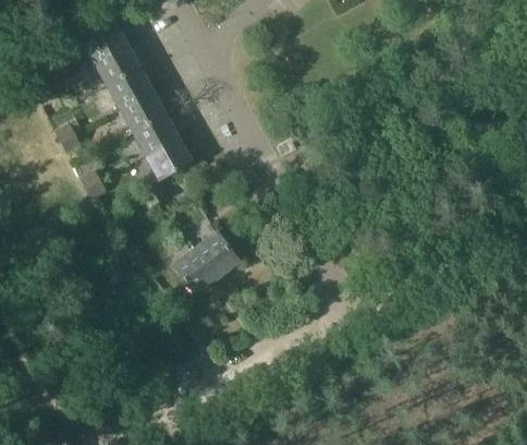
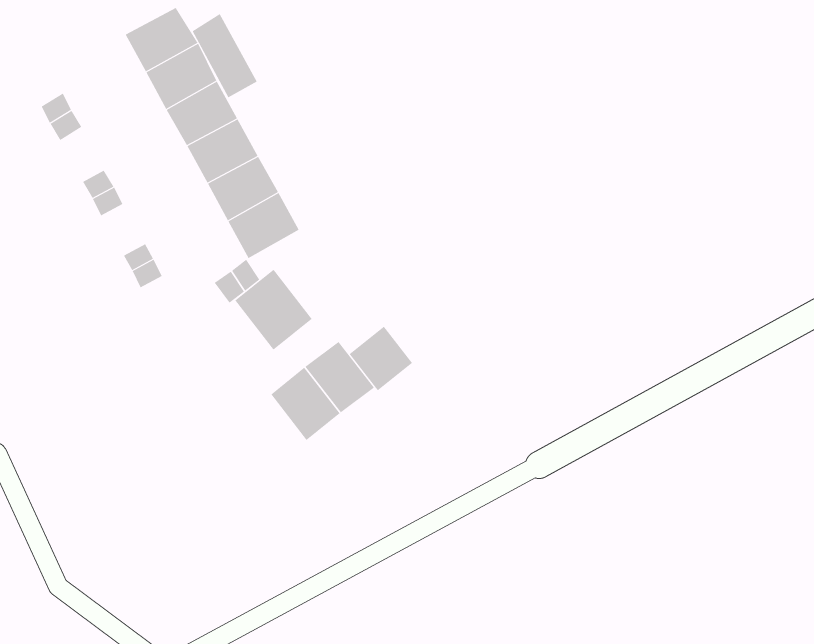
building: none -> [192,13,258,98]
building: none -> [235,269,313,350]
building: none -> [349,326,413,391]

